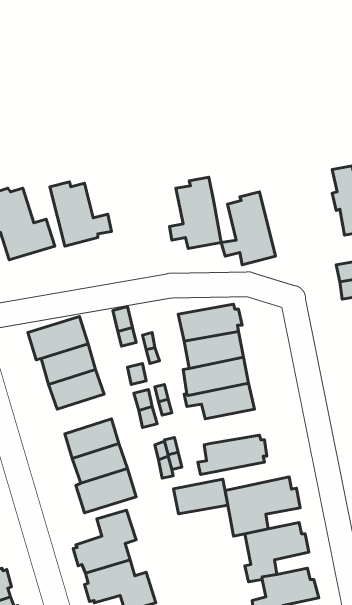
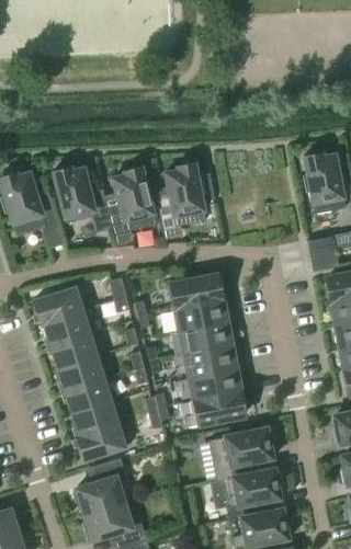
building: [221,192,276,265] -> [107,167,156,231]
building: none -> [59,355,107,390]
building: [173,479,228,514] -> [191,368,239,399]

